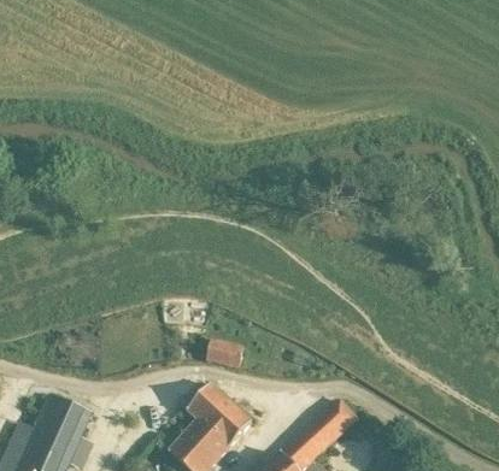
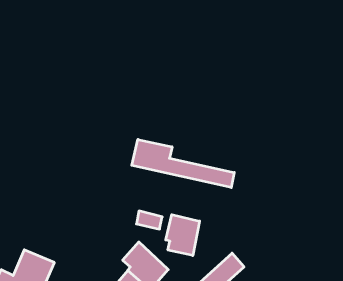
building: none -> [132,139,234,188]
building: none -> [166,215,200,256]

